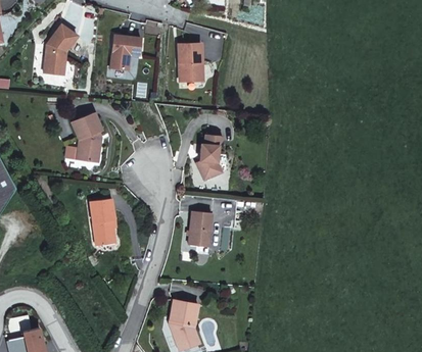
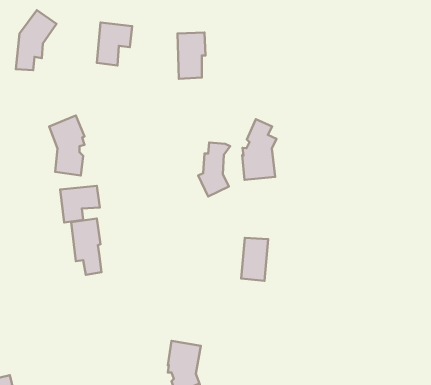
building: none -> [242,119,276,180]
building: none -> [60,186,100,222]
building: [189,211,212,247] -> [241,238,268,281]

